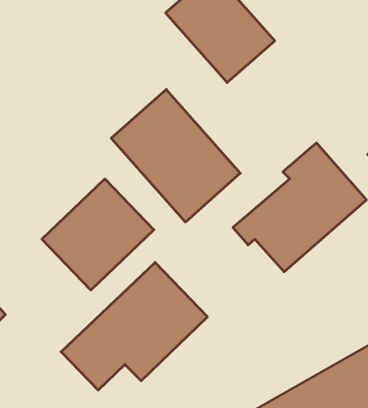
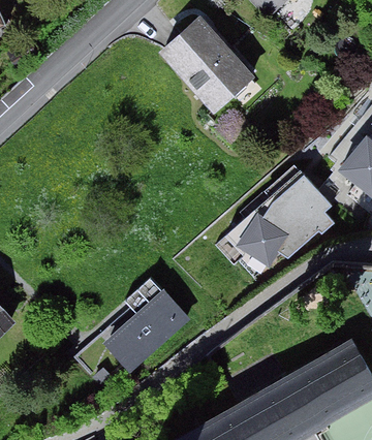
building: [111,89,240,222] -> none
building: [42,179,154,290] -> none

